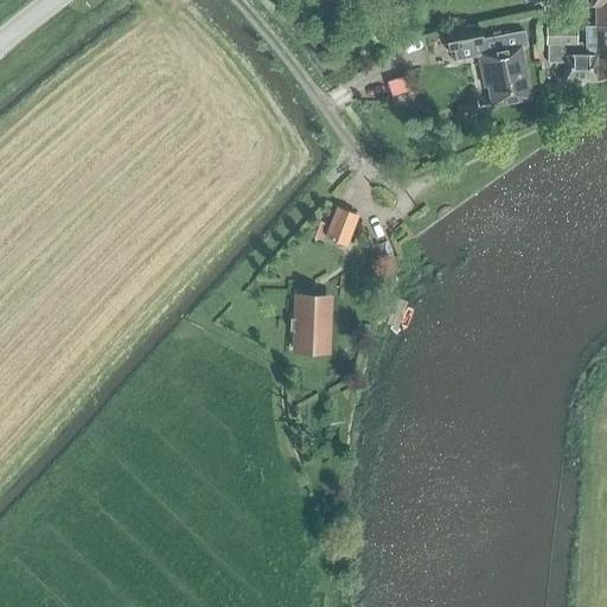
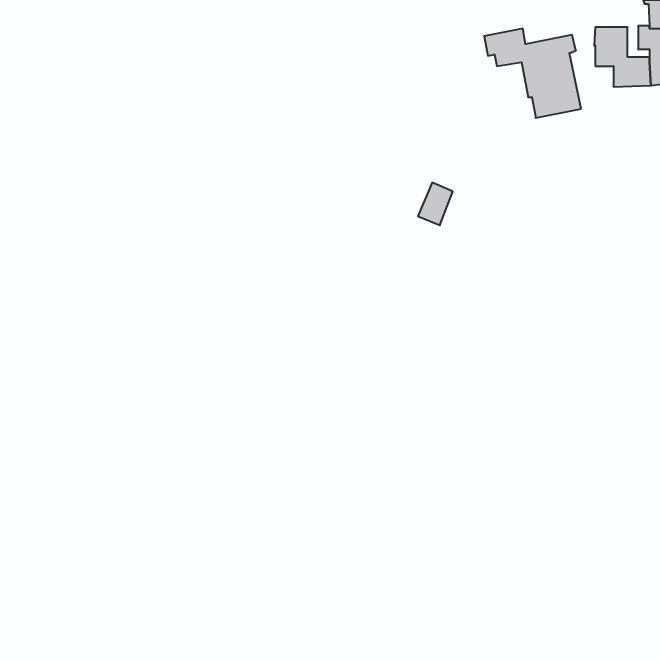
building: [326,206,358,245] -> [418,183,453,225]
building: [292,294,333,354] -> none

